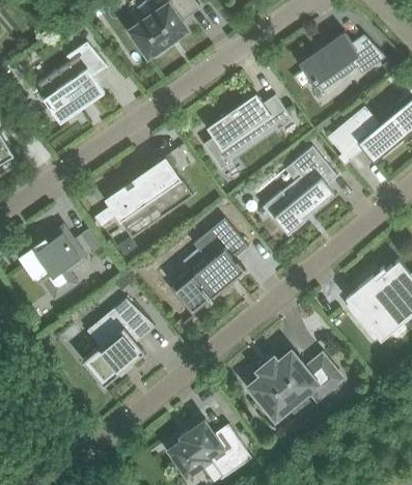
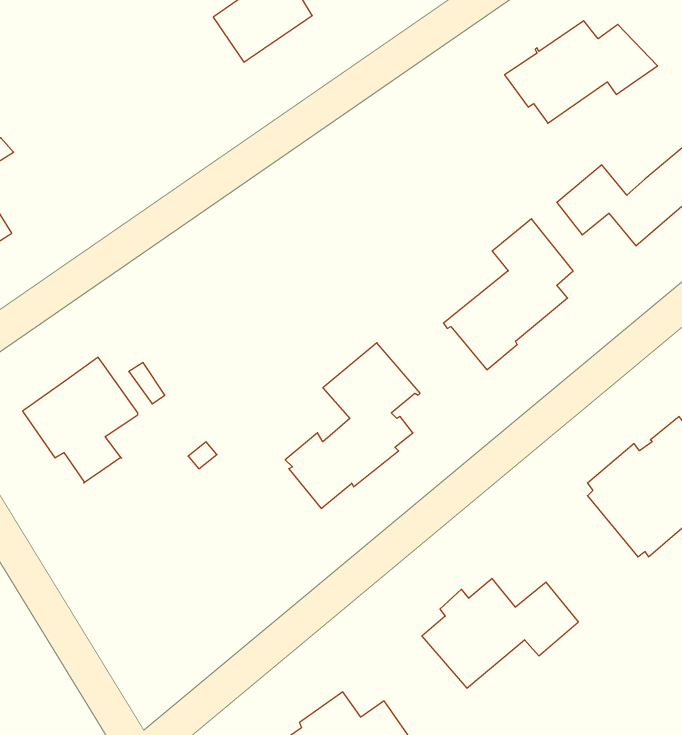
building: [36,44,107,124] -> none
building: [202,94,292,171] -> none
building: [93,156,193,230] -> none
building: [81,301,155,388] -> none

